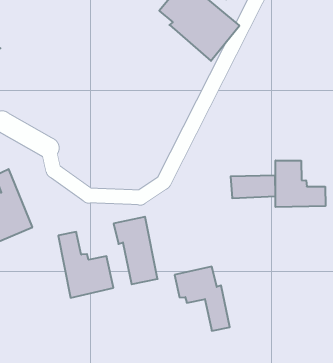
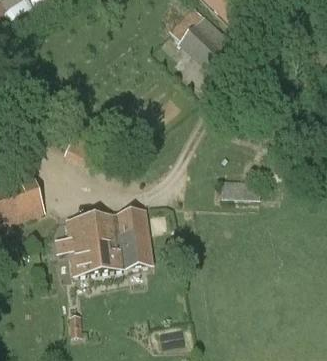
building: [276,160,325,207] -> none
building: [175,267,230,331] -> [83,213,128,269]

